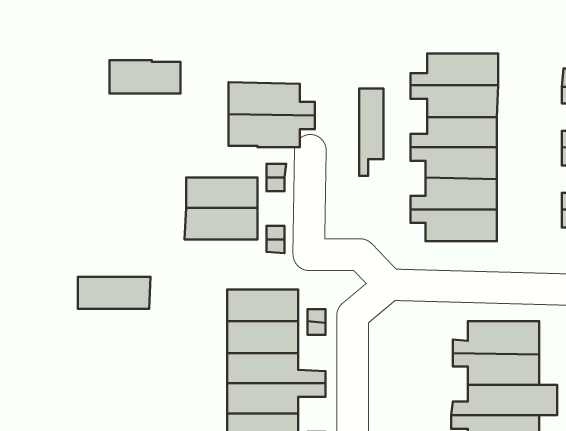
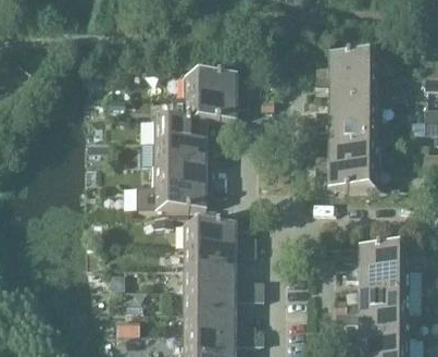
building: [109,60,181,93] -> [157,118,208,141]
building: [359,88,383,176] -> none
building: [78,277,151,309] -> [155,186,208,209]

